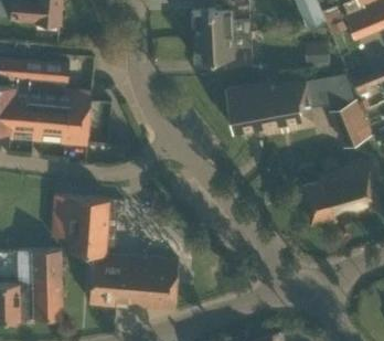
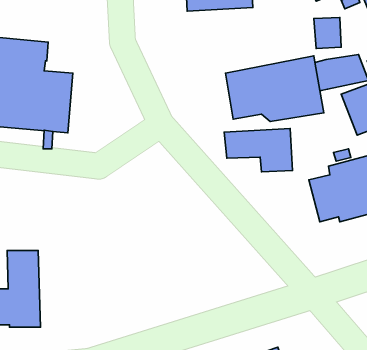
building: [193,34,254,73] -> [224,129,293,172]
building: [52,196,180,310] -> none

